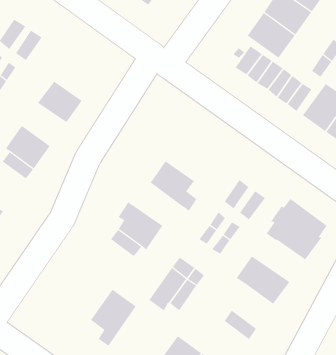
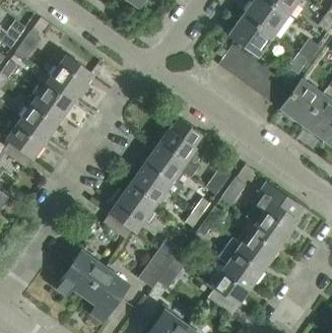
building: none -> [52,55,92,94]
building: none -> [22,96,64,136]
building: none -> [154,120,202,178]
building: none -> [126,170,167,209]
building: none -> [243,222,283,261]
building: none -> [57,251,106,295]
building: none -> [213,263,254,304]

